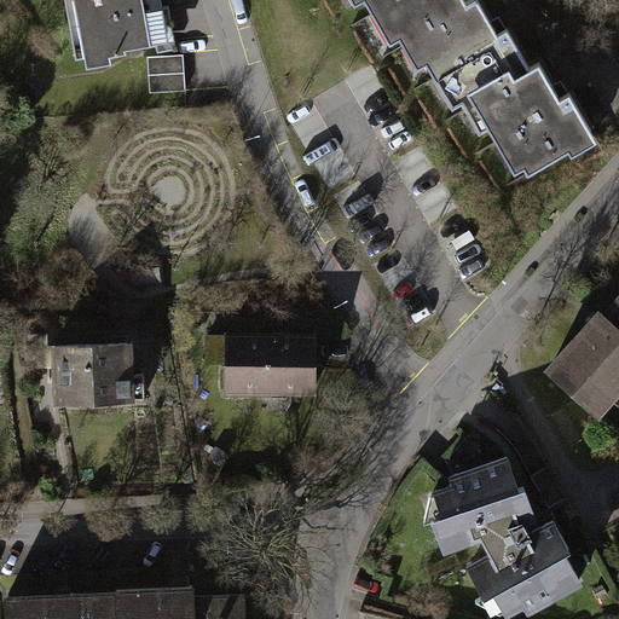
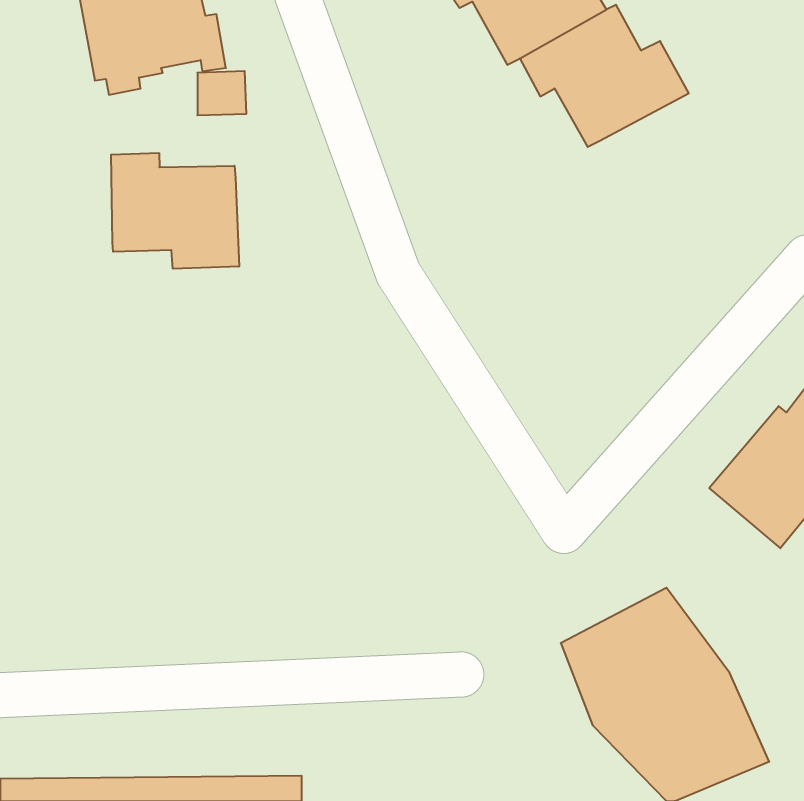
building: [462,68,591,185] -> none
building: none -> [111,153,239,269]
building: [222,332,311,409] -> none
building: [46,345,134,421] -> none

